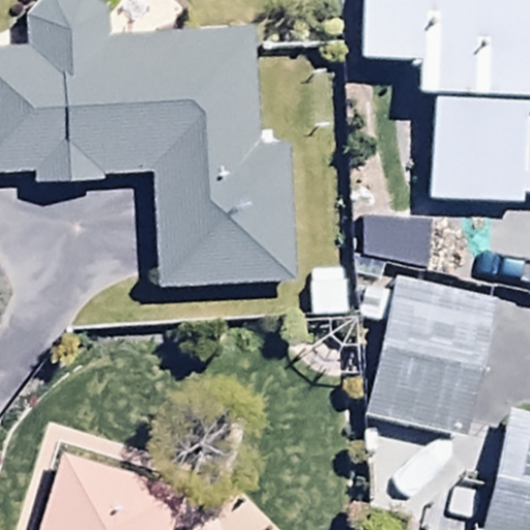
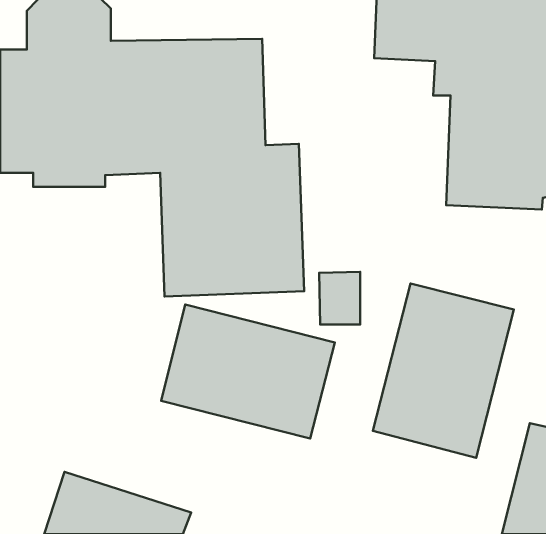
building: none -> [161,304,335,438]

